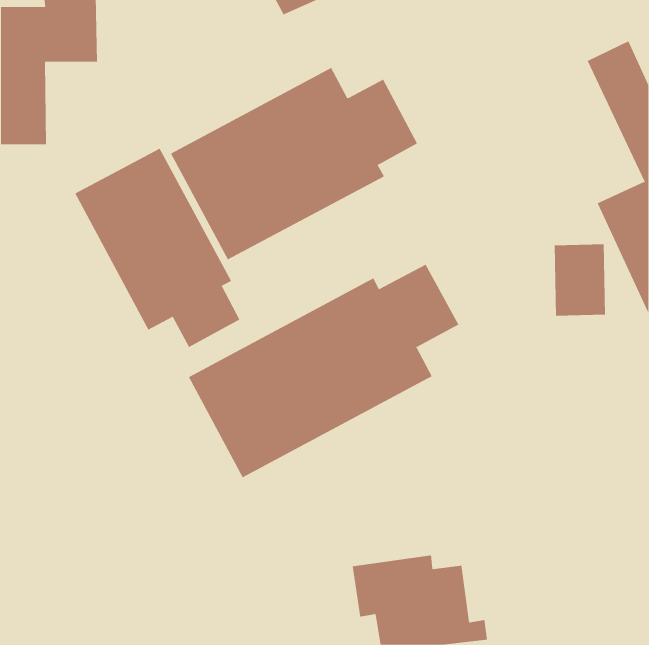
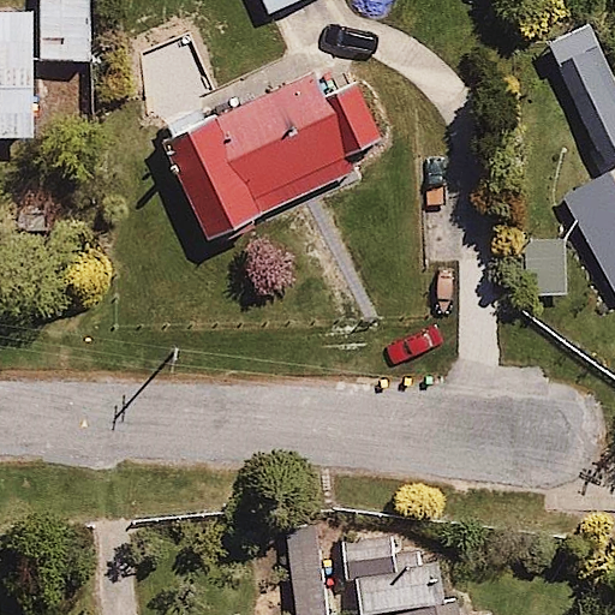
building: [75,148,240,348] -> none
building: [188,264,459,478] -> none

